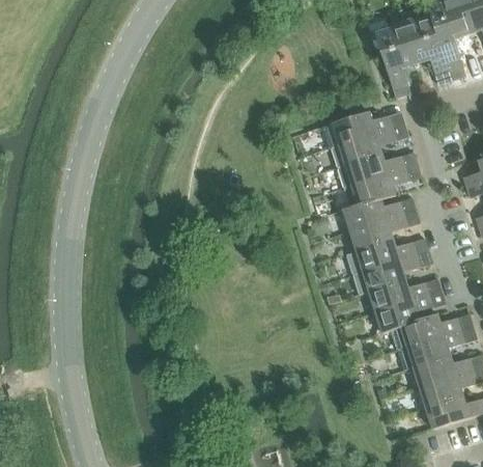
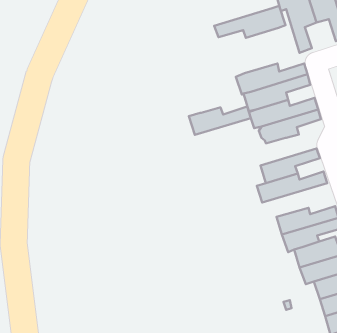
building: none -> [214,6,285,38]
building: [344,197,417,230] -> [189,107,251,135]
building: [353,251,433,294] -> none

